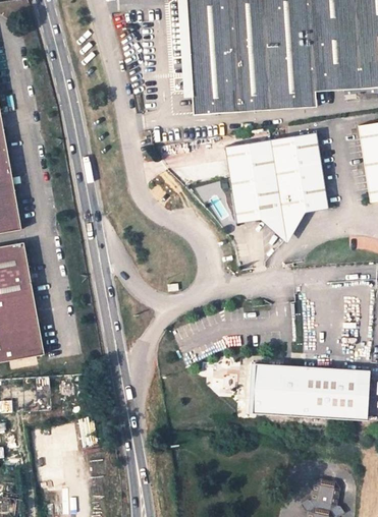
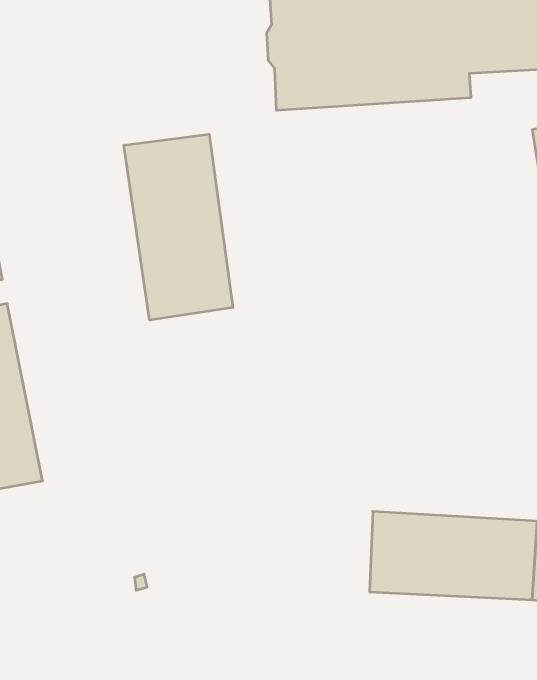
building: none -> [124,134,233,320]
building: [223,132,326,238] -> none

